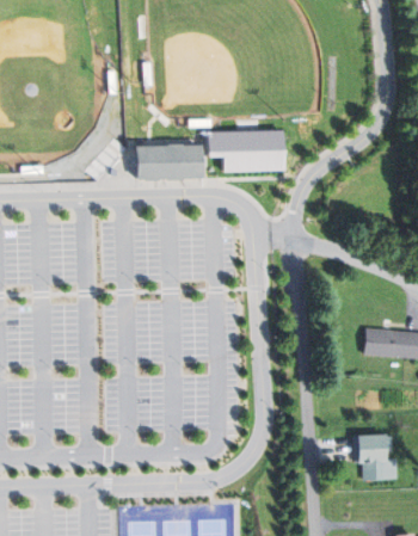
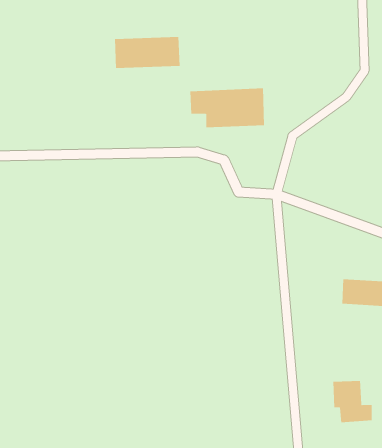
building: [133,144,202,178] -> [114,36,180,68]

